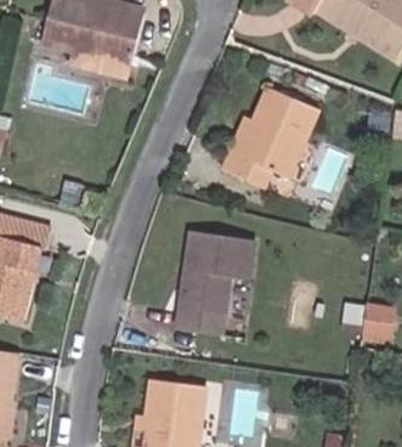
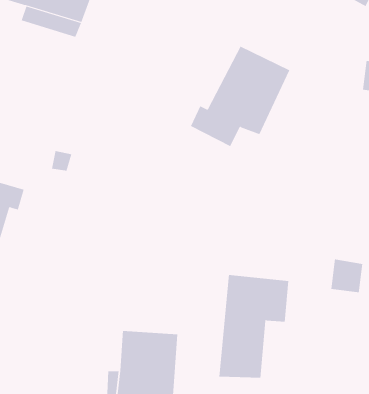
building: [175,226,245,329] -> [219,275,289,378]

